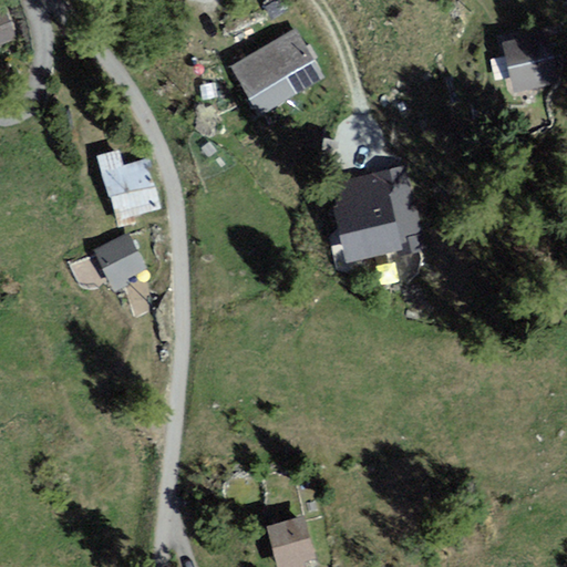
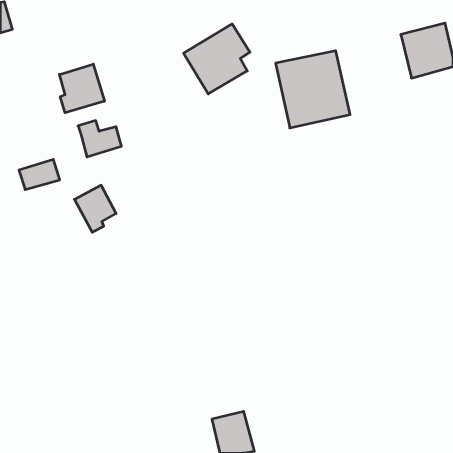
building: none -> [59,64,104,113]
building: [330,165,423,261] -> [276,51,350,128]
building: [109,183,159,220] -> [19,159,60,190]

